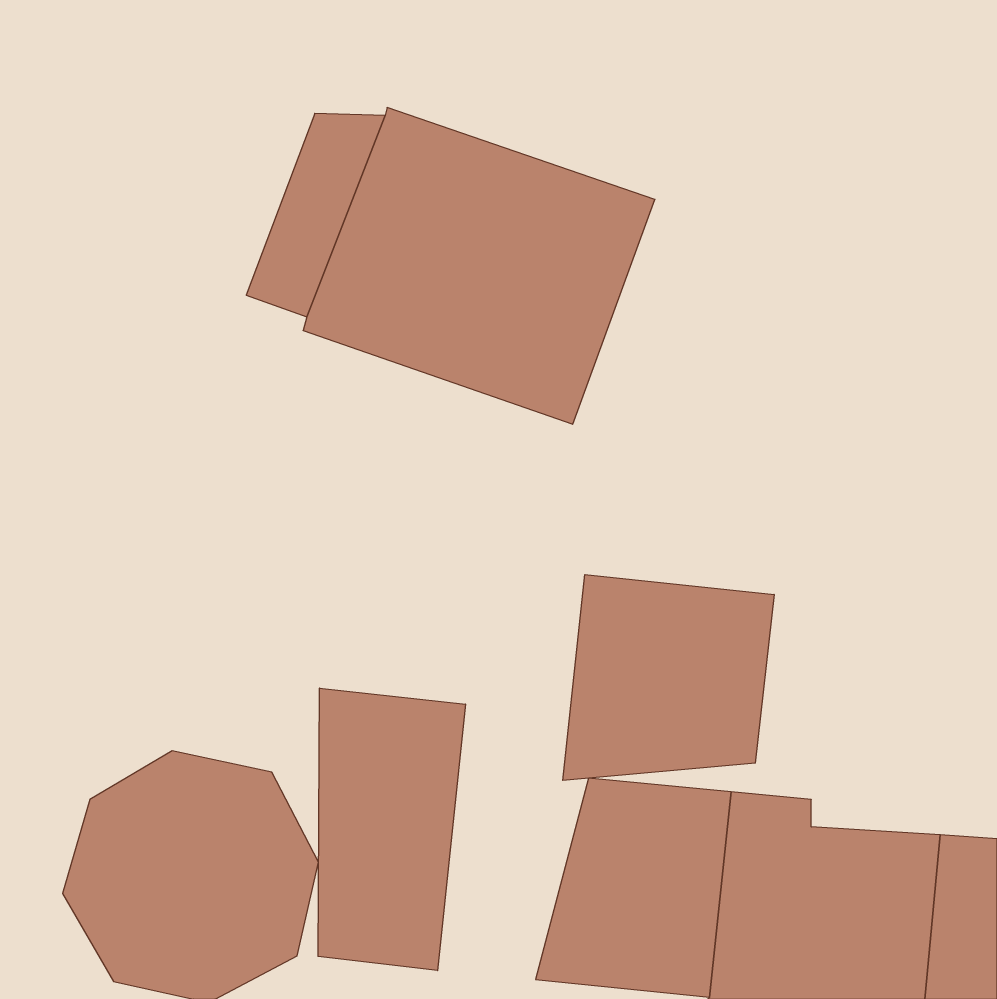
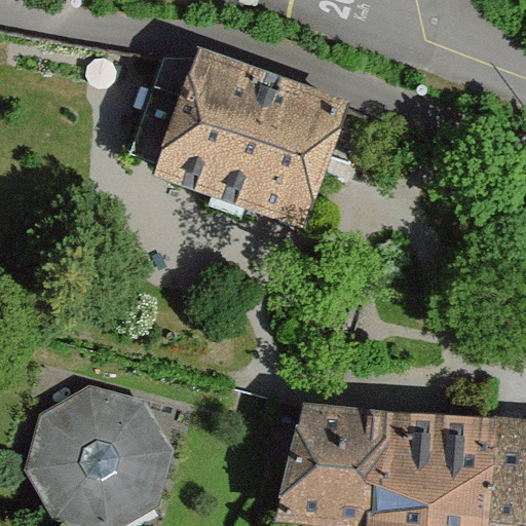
building: [563,575,774,780] -> none
building: [318,688,465,971] -> none

